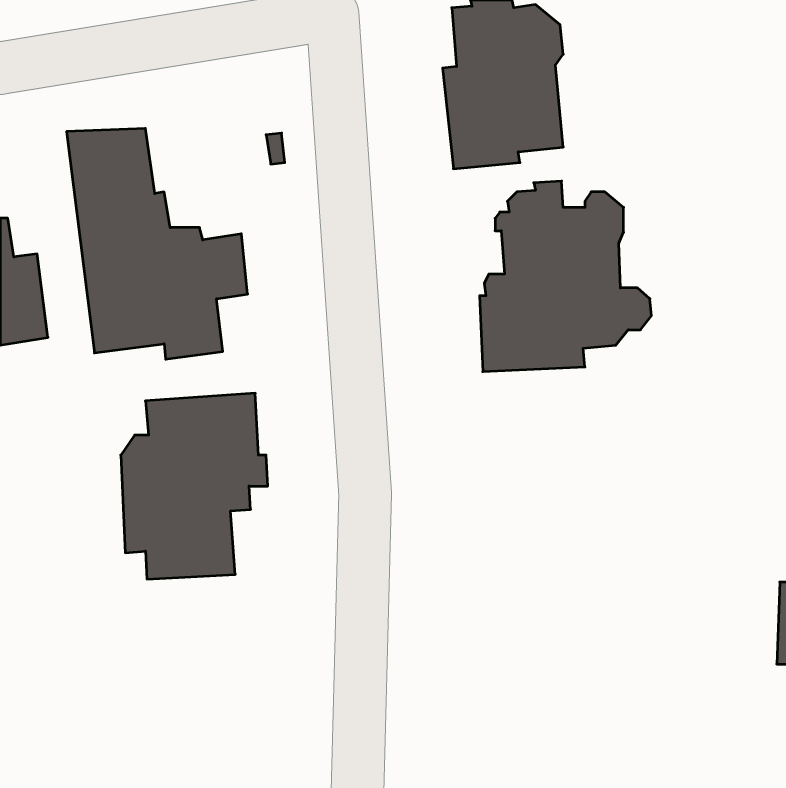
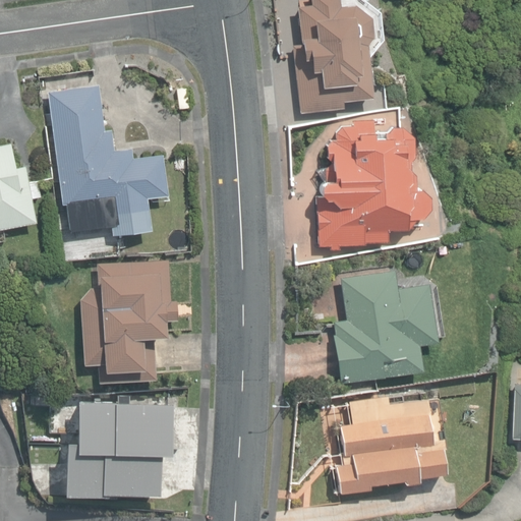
building: none -> [335,270,440,384]
building: none -> [337,396,447,493]
building: none -> [65,398,168,493]

